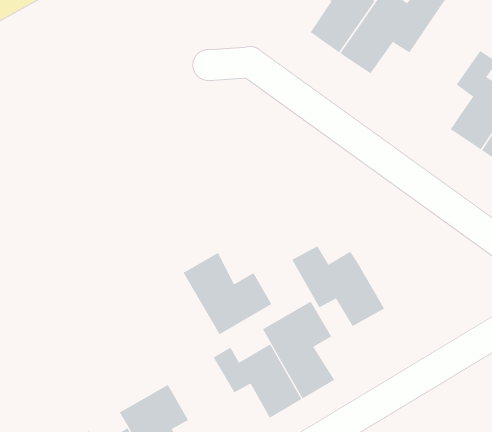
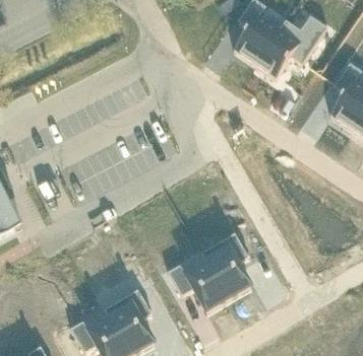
building: [292,245,385,327] -> none
building: [183,252,272,335] -> none

